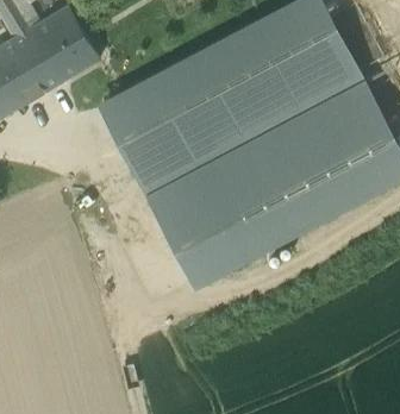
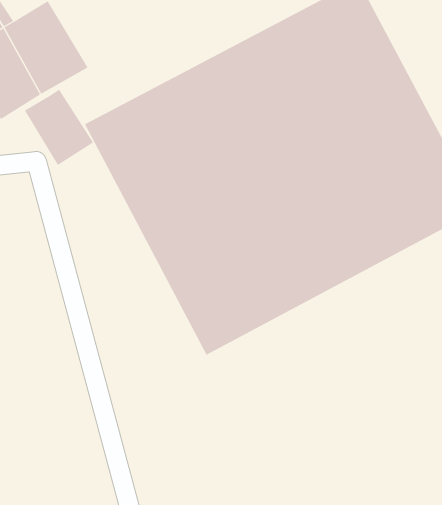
building: none -> [24,89,94,166]

